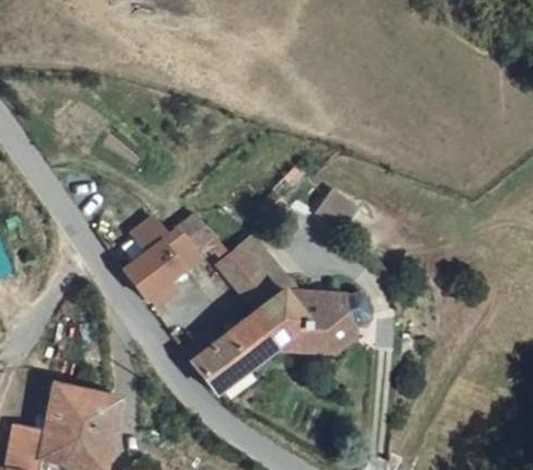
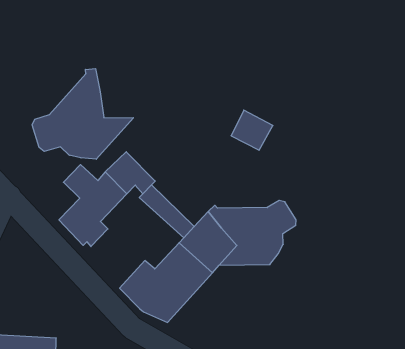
building: none -> [32,69,133,159]
building: [227,236,288,301] -> none

